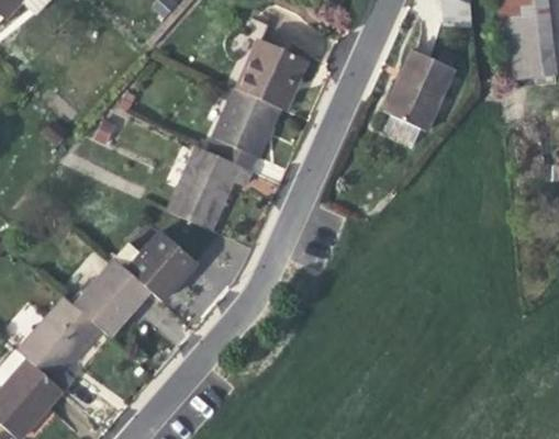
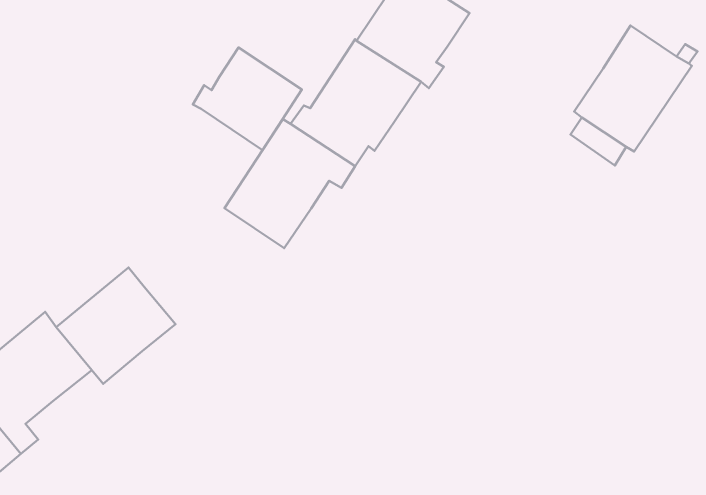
building: none -> [193,47,302,150]
building: [124,230,195,302] -> none

